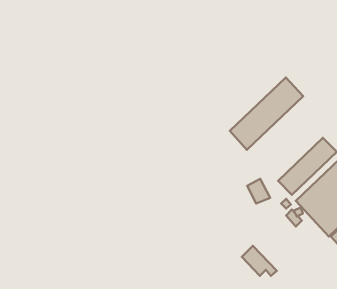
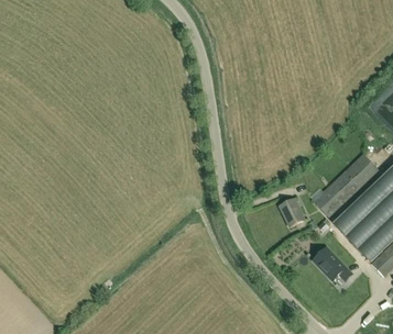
building: [230,77,303,150] -> none
building: [242,246,277,276] -> [313,247,351,280]

